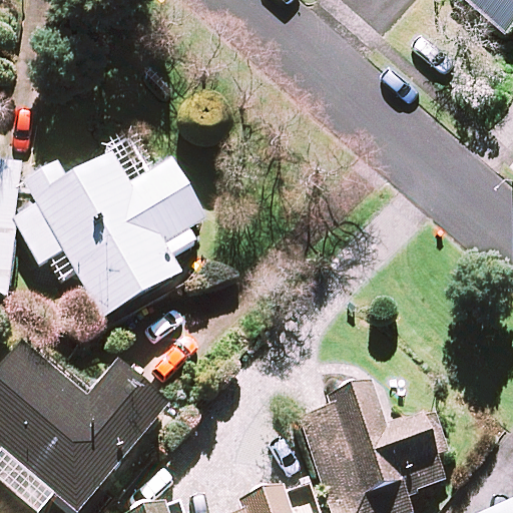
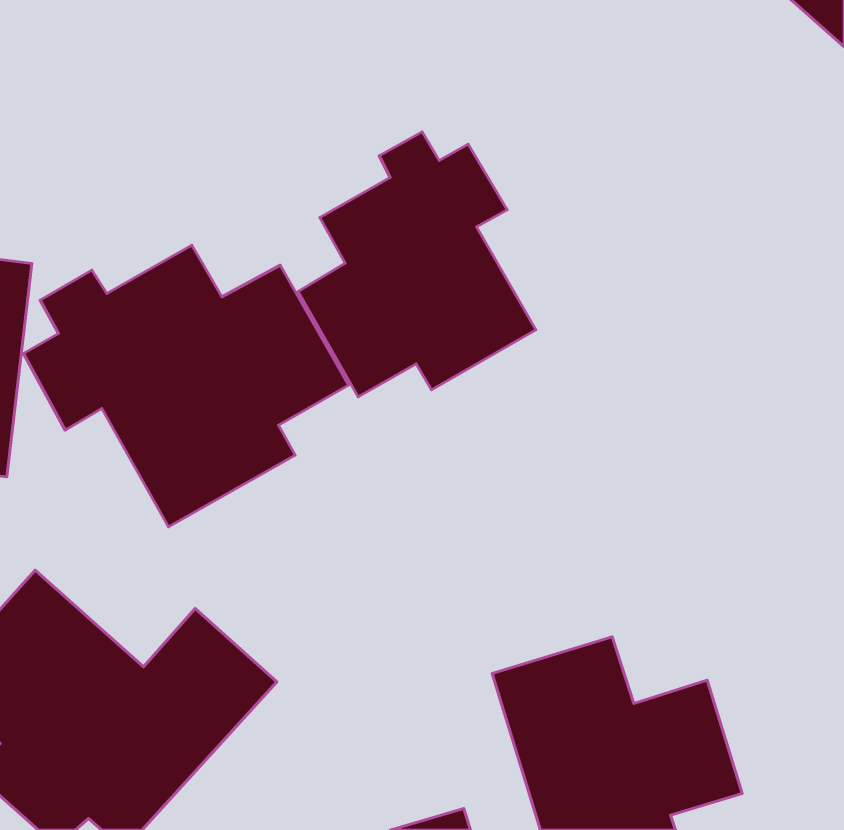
building: none -> [298,132,536,397]

